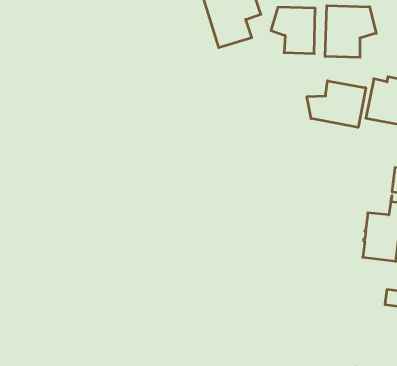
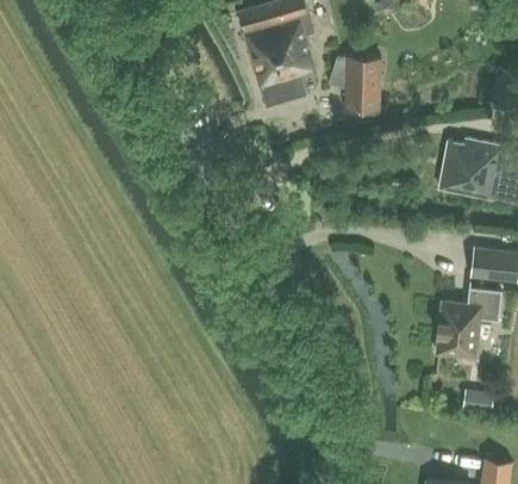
building: [325,6,376,57] -> none
building: [307,81,366,127] -> none

